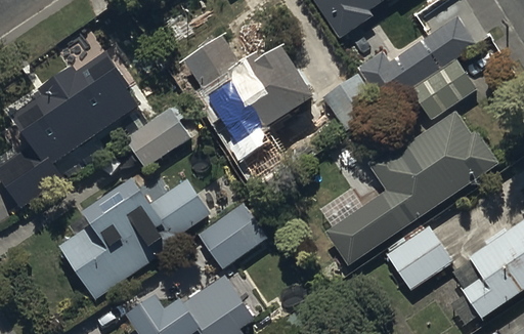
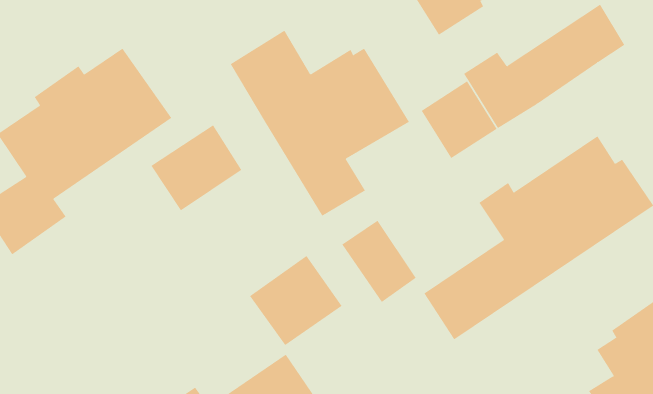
building: [411,58,477,120] -> none
building: none -> [342,220,416,303]
building: [60,178,211,301] -> none
building: [386,225,452,290] -> none

